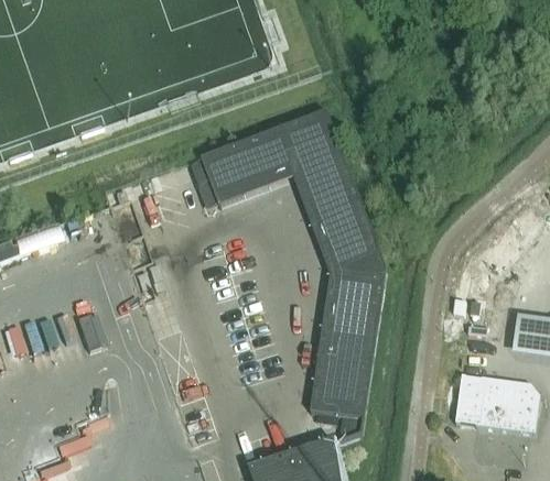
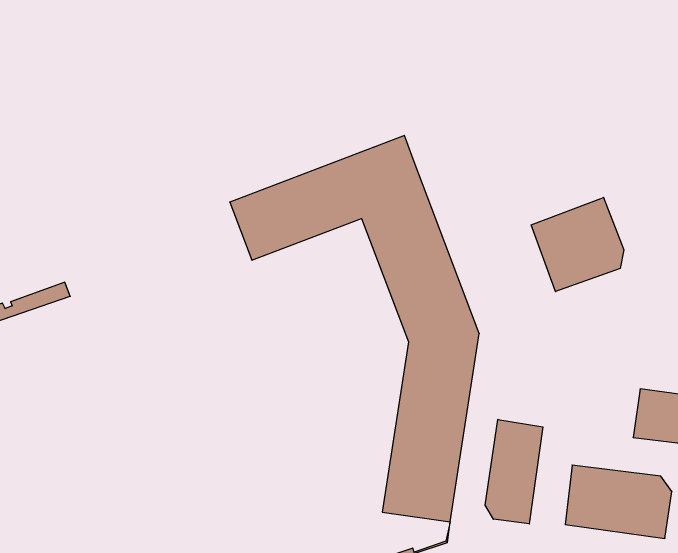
building: none -> [531,197,624,292]
building: none -> [485,419,543,524]

